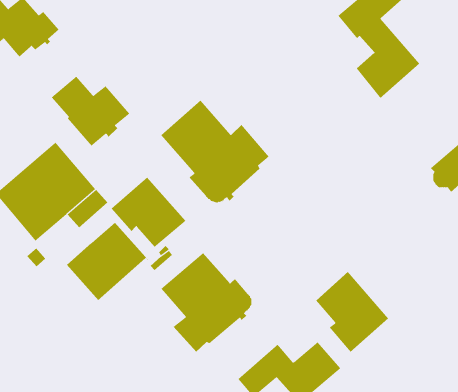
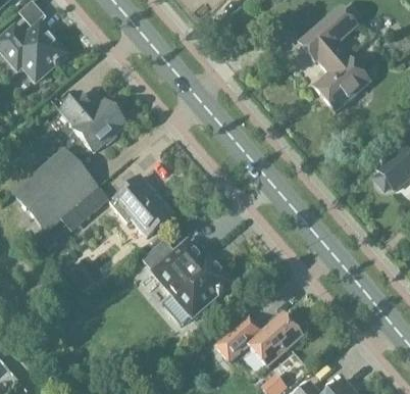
building: [161,100,269,203] -> none
building: [66,222,149,301] -> none
building: [315,271,389,352] -> none

